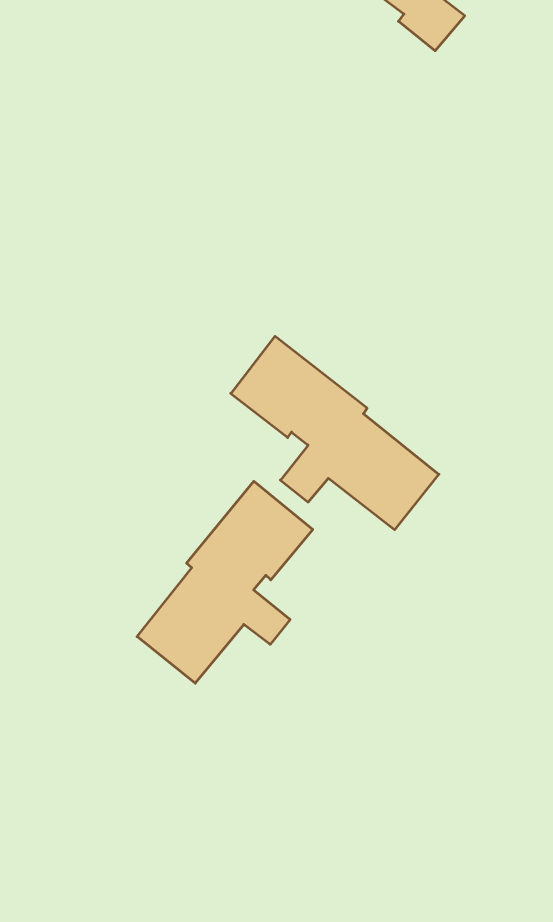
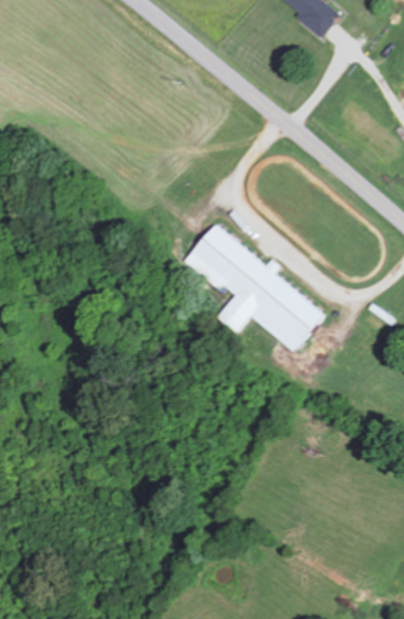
building: [137,481,313,683] -> none

